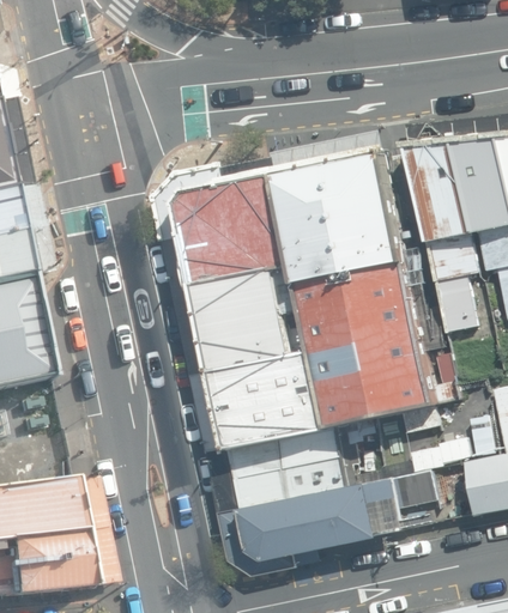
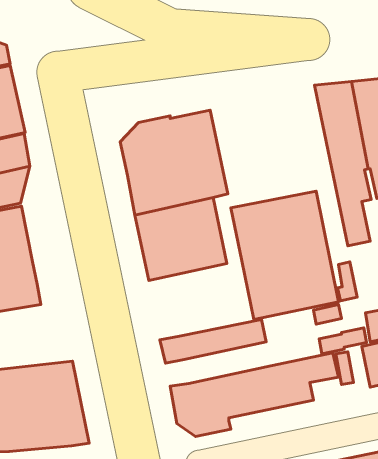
building: [273,129,411,281] -> none
building: [195,350,331,450] -> none
building: [217,454,352,511] -> none

